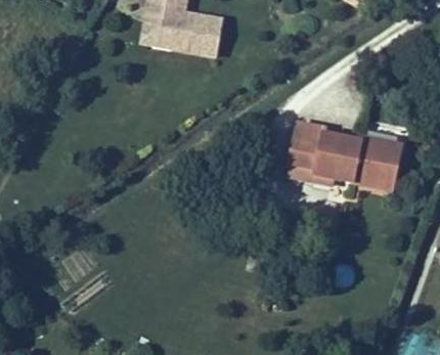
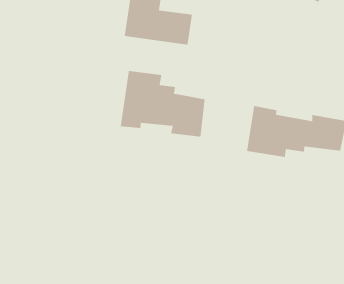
building: none -> [120,70,205,137]

